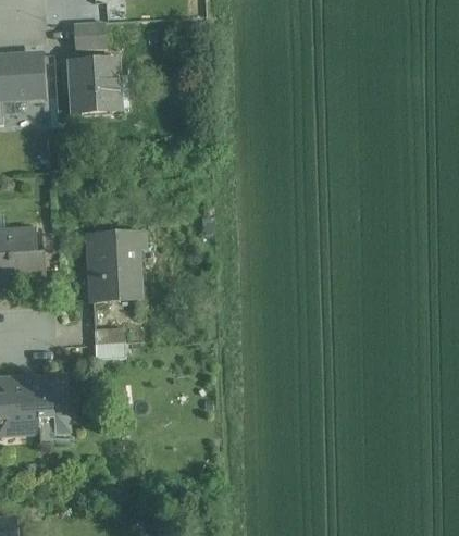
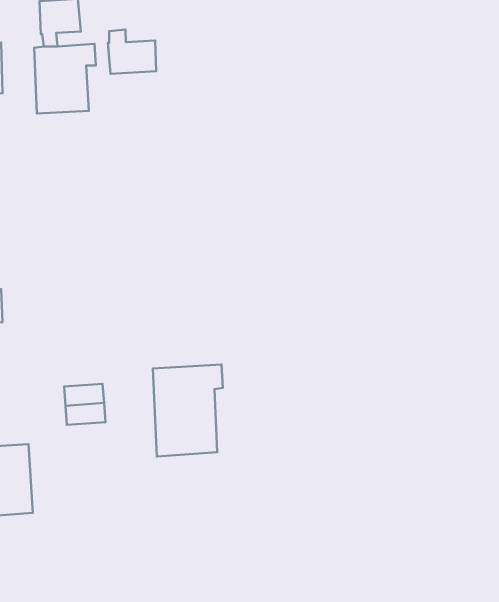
building: none -> [108,29,156,74]
building: [88,230,144,303] -> [153,365,223,456]

